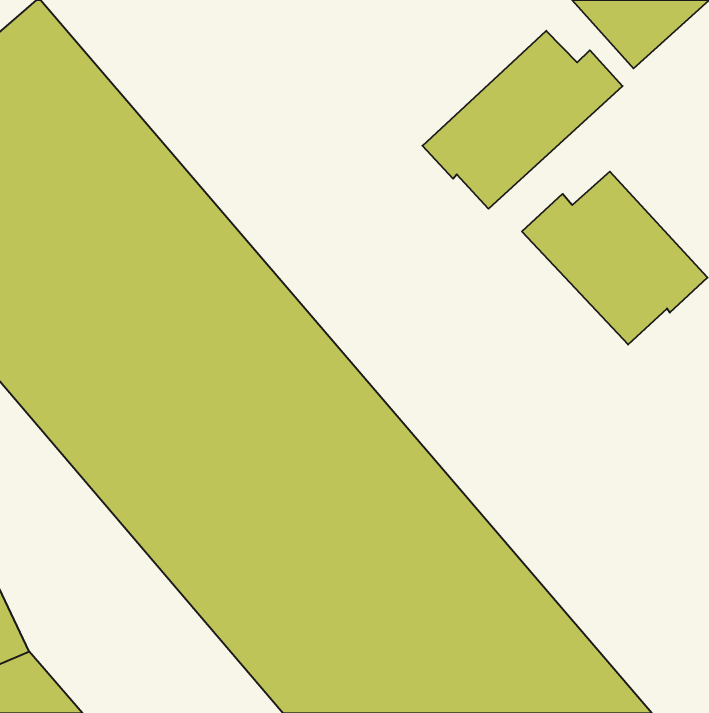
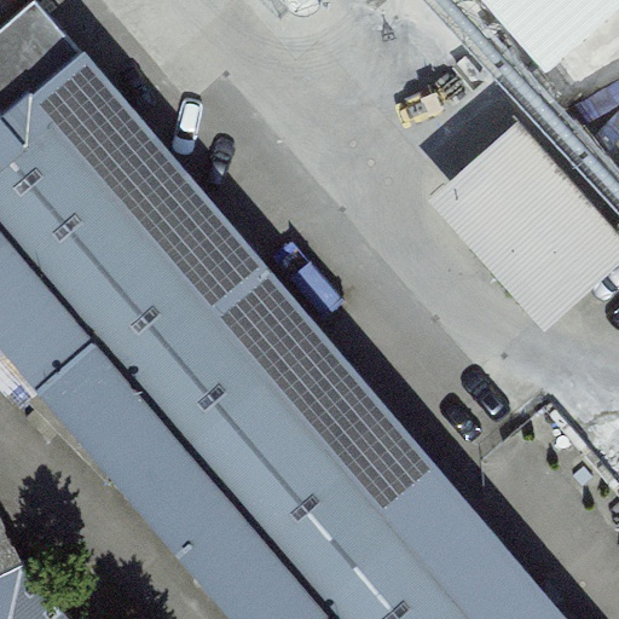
building: [422,31,623,209] -> none

